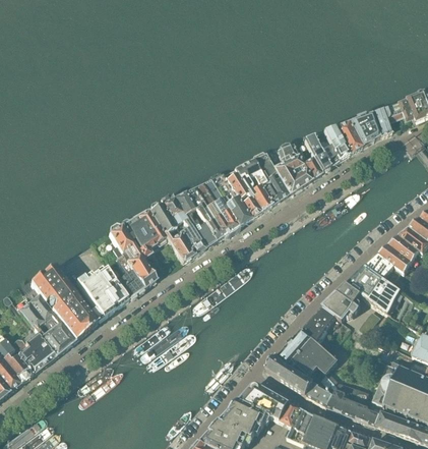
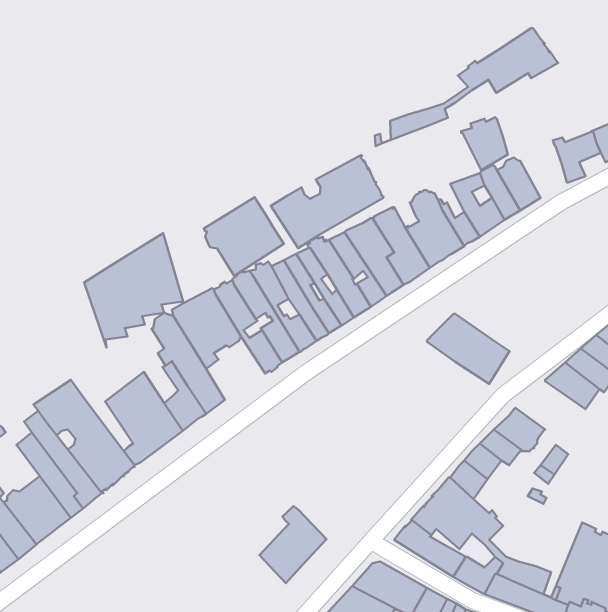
building: none -> [375,28,558,146]
building: [348,111,378,146] -> [461,117,508,170]
building: none -> [271,155,383,248]
building: none -> [204,197,284,276]
building: none -> [84,233,183,347]
building: [346,266,400,312] -> [427,314,510,384]
building: none -> [260,506,327,583]

